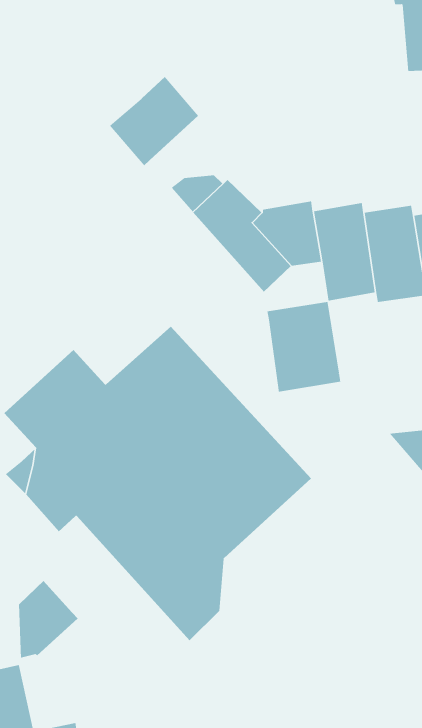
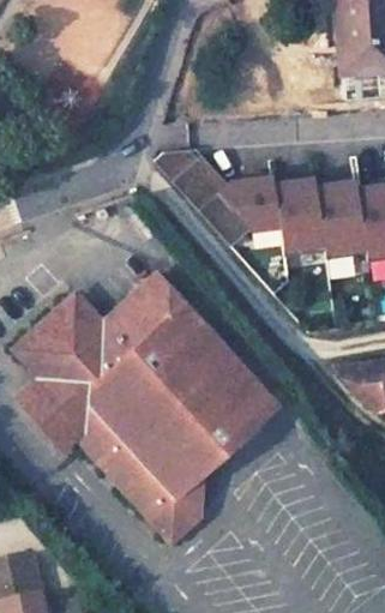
building: [109,76,199,166] -> none
building: [267,301,341,392] -> none
building: [18,580,79,659] -> none

